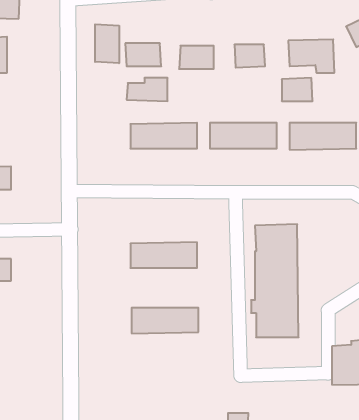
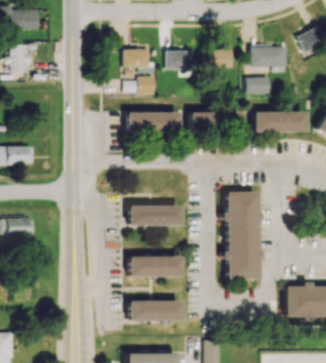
building: [95,24,119,63] -> none
building: none -> [128,300,181,321]

